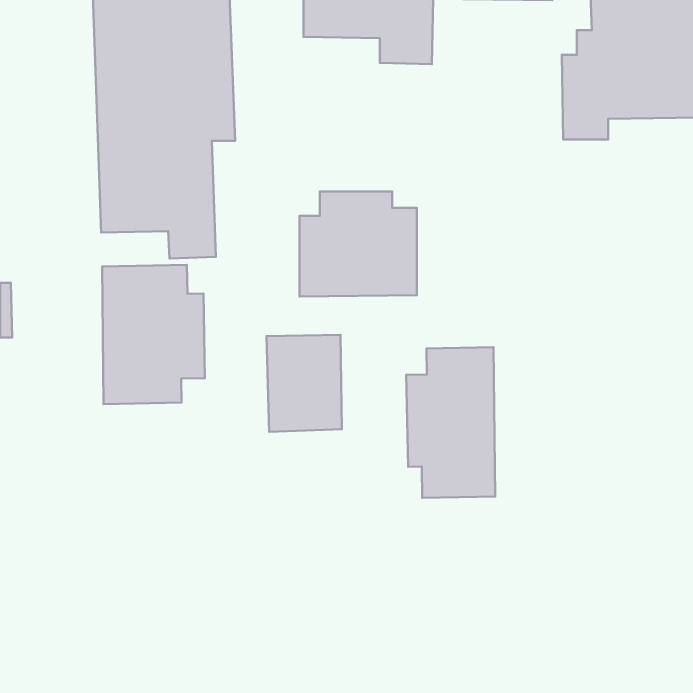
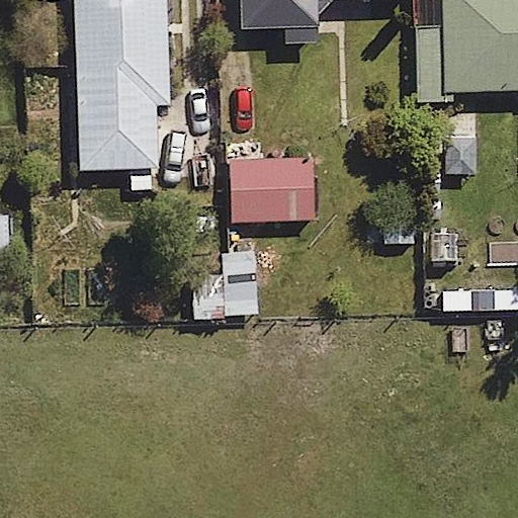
building: [102,265,205,404] -> none
building: [406,347,495,498] -> none

